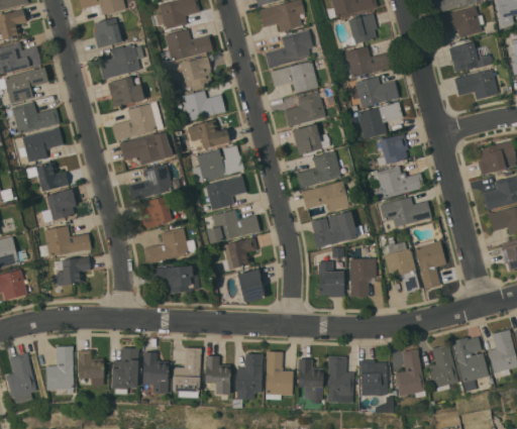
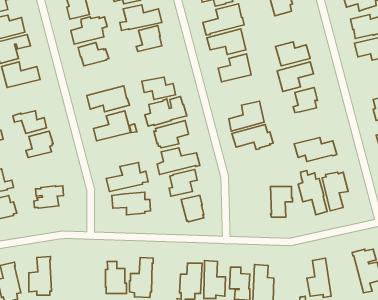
building: [344,45,394,78] -> none
building: [182,90,225,120] -> none
building: [112,101,164,140] -> none
building: [293,123,329,154] -> none
building: [15,126,64,162] -> none
building: [367,166,424,200] -> none
building: [138,195,172,228] -> none
building: [311,210,364,247] -> none
building: [39,224,91,255] -> none
building: [318,260,344,297] -> none
building: [427,344,458,391] -> none
building: [112,347,139,394] -> none
building: [78,349,104,385] -> none
building: [205,354,231,394] -> none
building: [360,359,388,395] -> none

